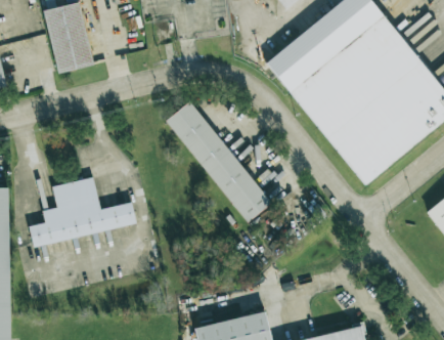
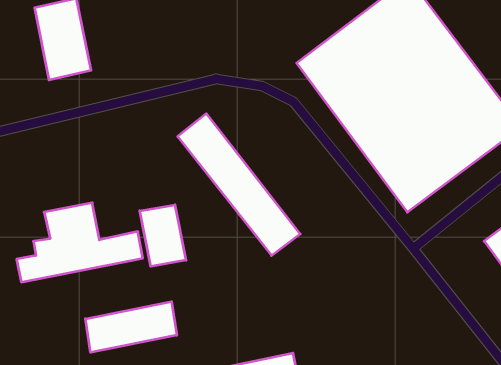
building: none -> [140,205,186,266]
building: none -> [85,302,177,352]

